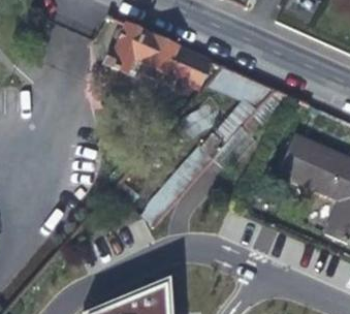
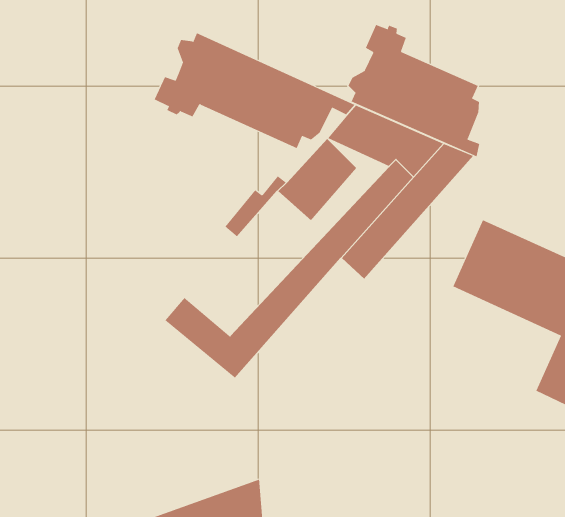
building: none -> [348,24,480,157]

